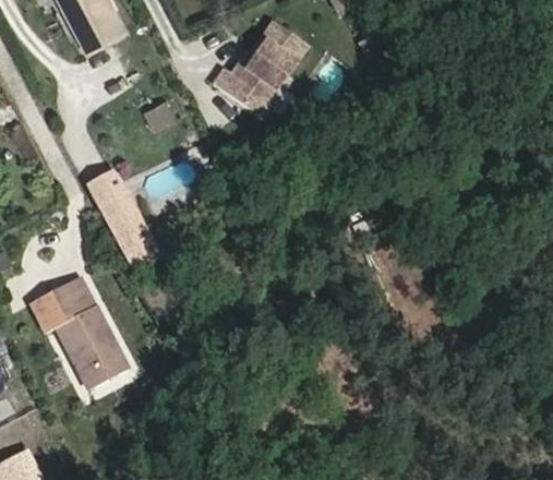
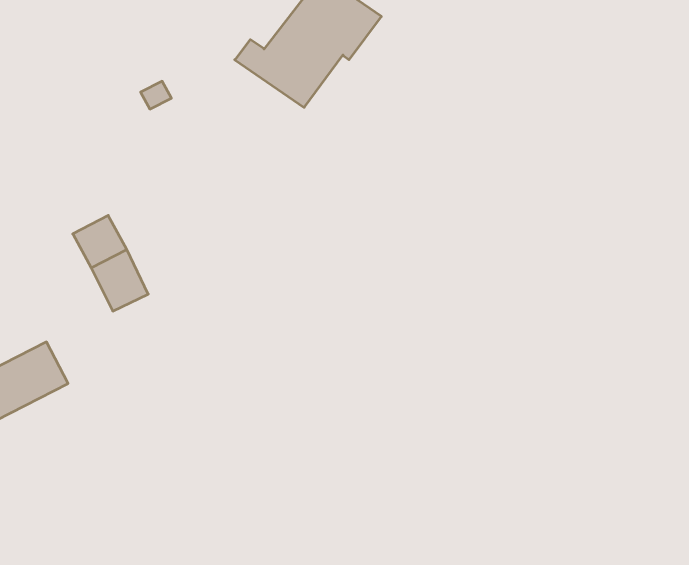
building: [84,165,124,208] -> none
building: [56,314,124,391] -> none

